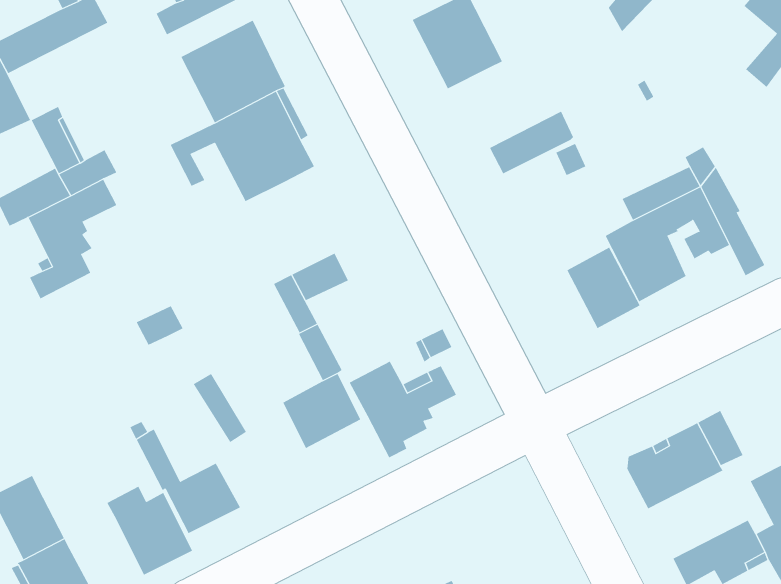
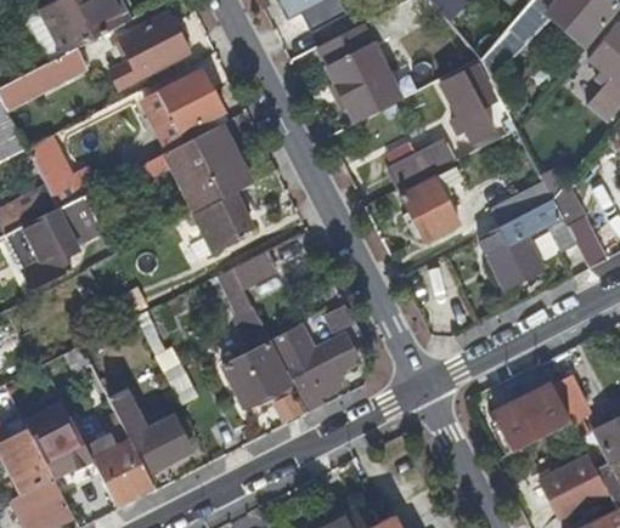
building: none -> [443,62,494,141]
building: none -> [187,194,246,254]
building: [566,247,640,329] -> [400,176,458,240]
building: none -> [33,416,94,479]

